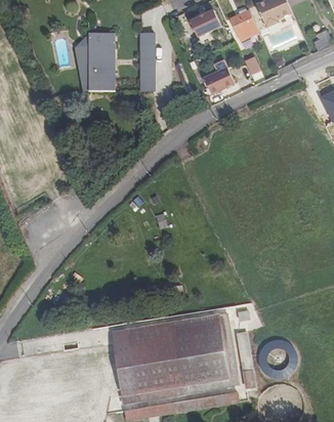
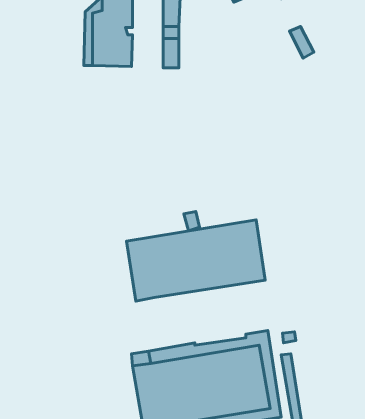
building: [202,68,234,95] -> none
building: none -> [127,220,265,301]

